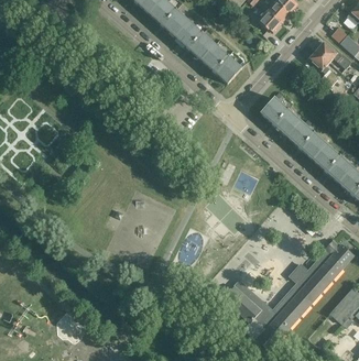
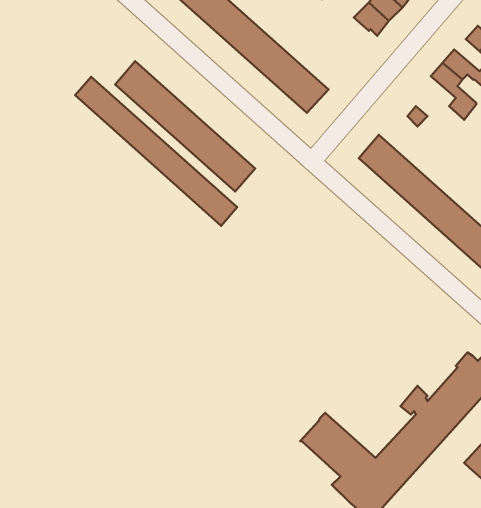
building: none -> [115,61,255,192]
building: none -> [75,77,237,226]

